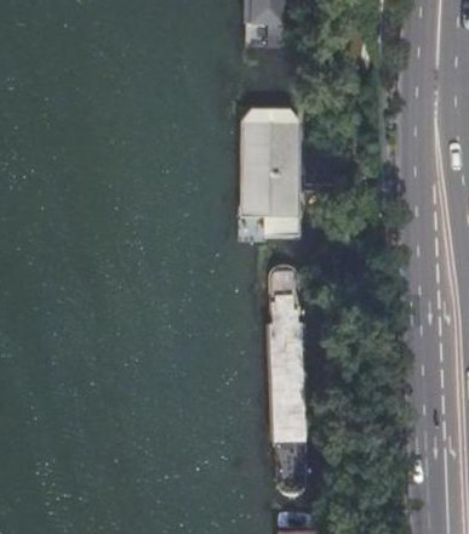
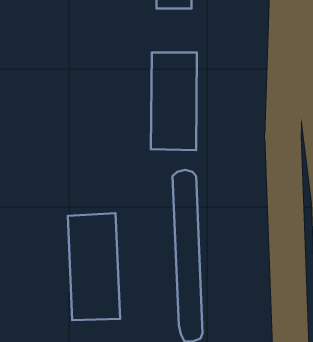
building: none -> [68,213,120,320]

